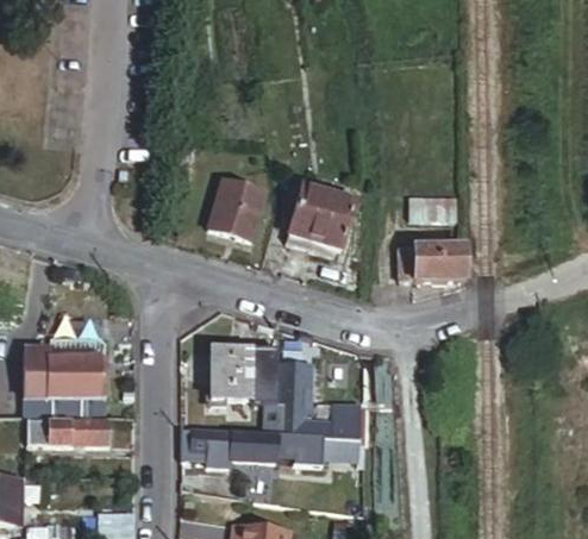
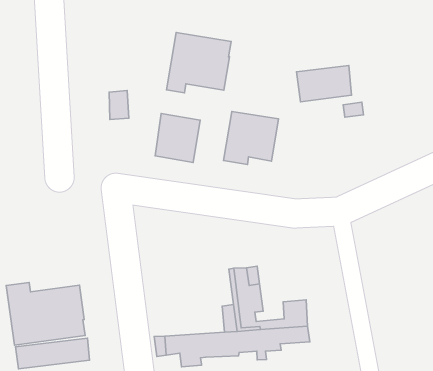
building: none -> [167,33,231,93]
building: [409,240,469,275] -> [296,66,352,102]
building: [212,350,251,399] -> none

